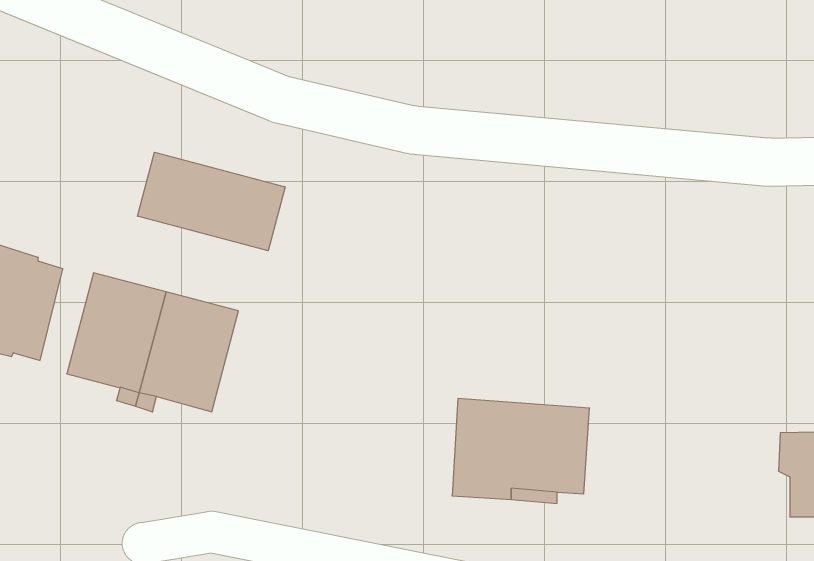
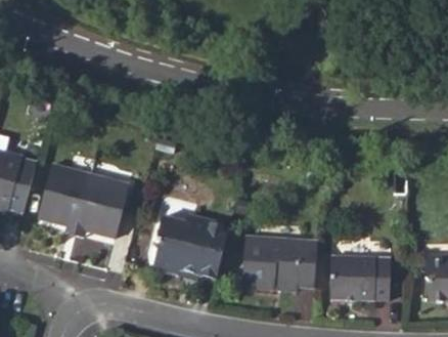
building: [137,152,285,251] -> none
building: none -> [153,212,229,276]
building: none -> [329,255,391,299]

